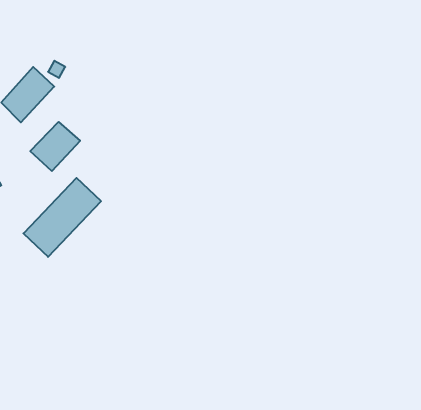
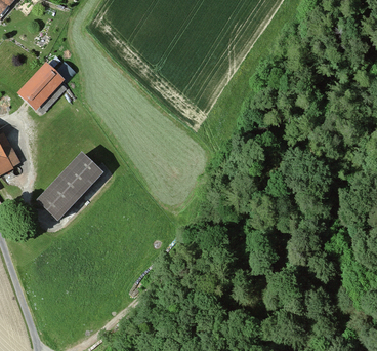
building: [30,122,80,171] -> none

